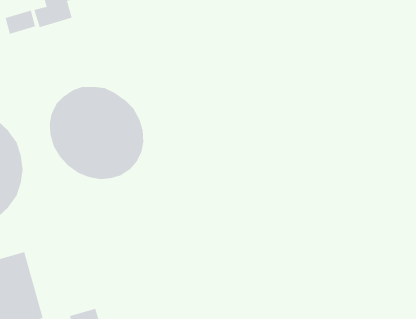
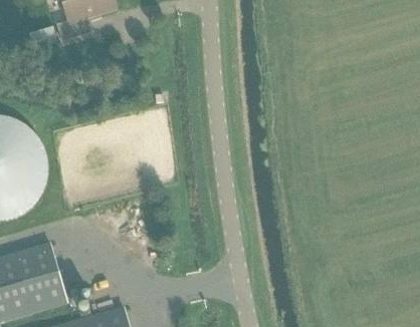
building: [49,86,144,180] -> none

